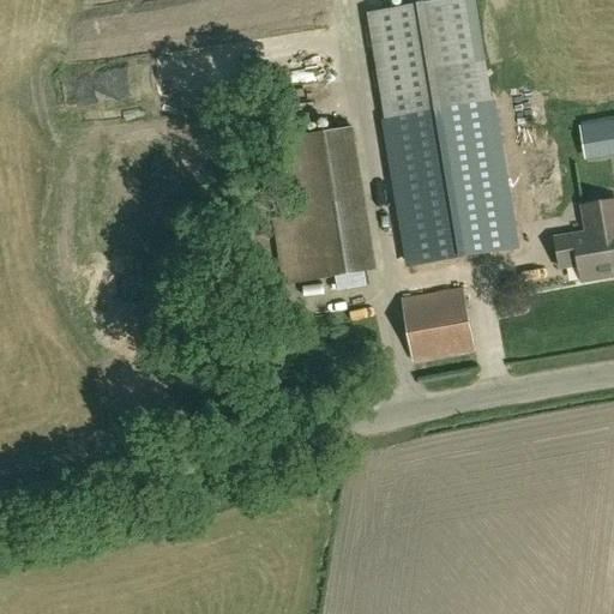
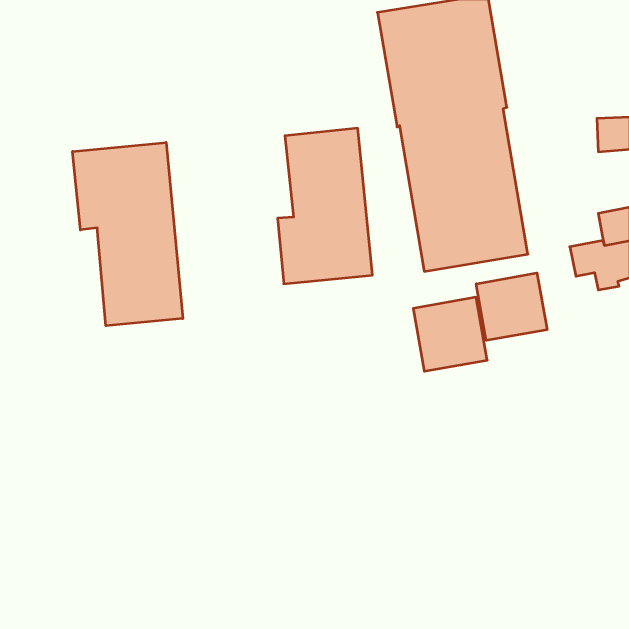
building: none -> [73,142,183,326]
building: none -> [476,273,547,340]

